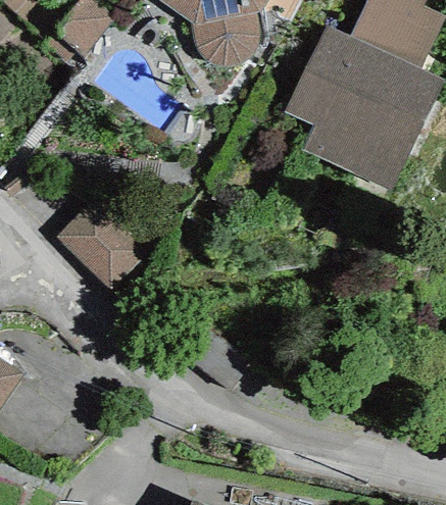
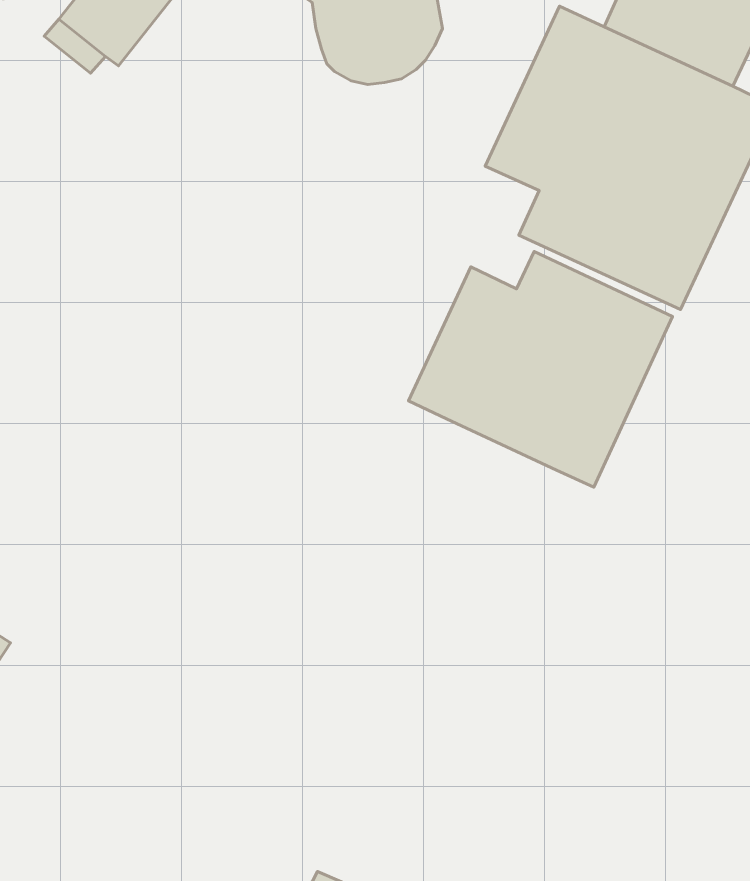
building: none -> [408,251,673,487]
building: [56,199,149,290] -> none

